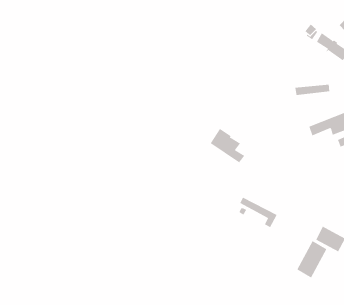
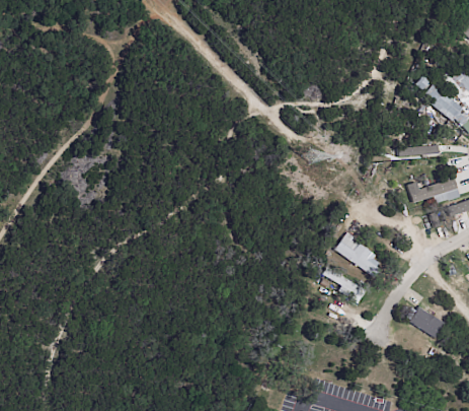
building: [210,128,245,163] -> [336,231,376,273]
building: [296,240,327,278] -> none

